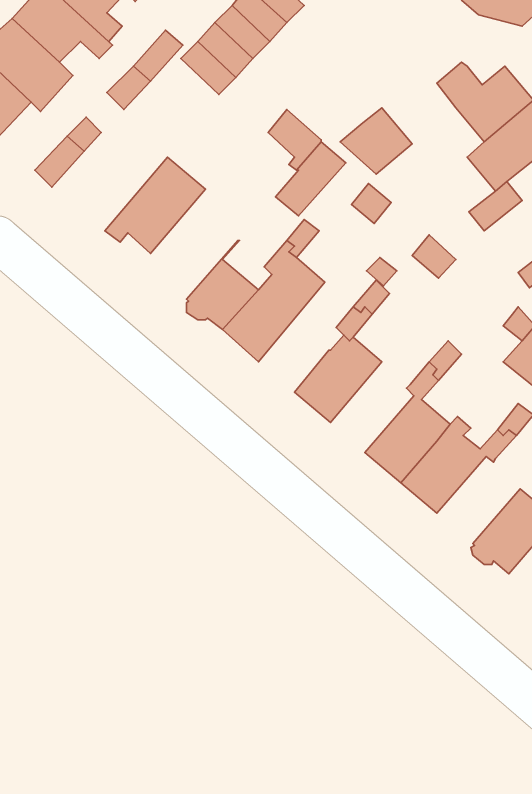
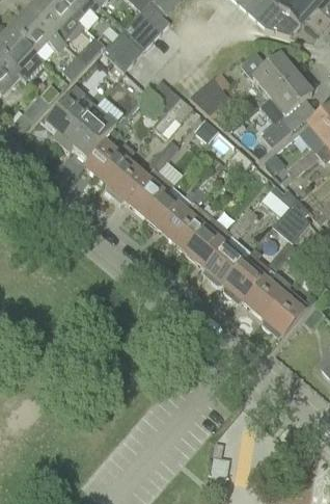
building: none -> [45,87,95,145]
building: none -> [86,137,134,183]
building: none -> [145,174,184,234]
building: none -> [185,217,230,267]
building: none -> [243,269,291,317]

